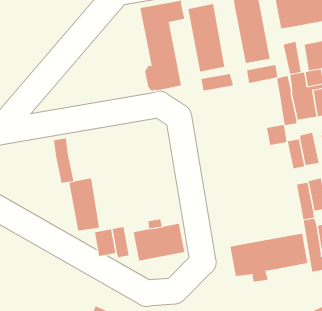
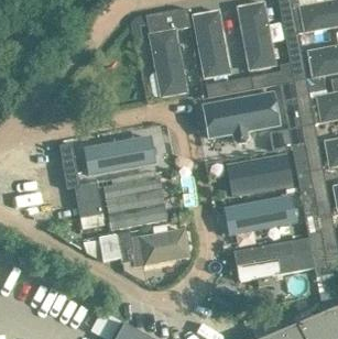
building: none -> [201,89,280,142]
building: none -> [85,132,155,171]
building: none -> [227,152,293,195]
building: none -> [103,175,167,229]
building: none -> [227,199,297,237]

